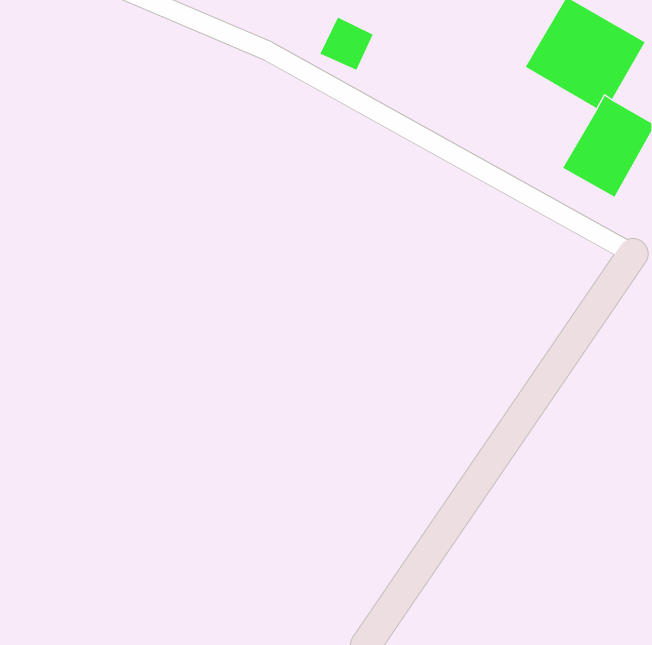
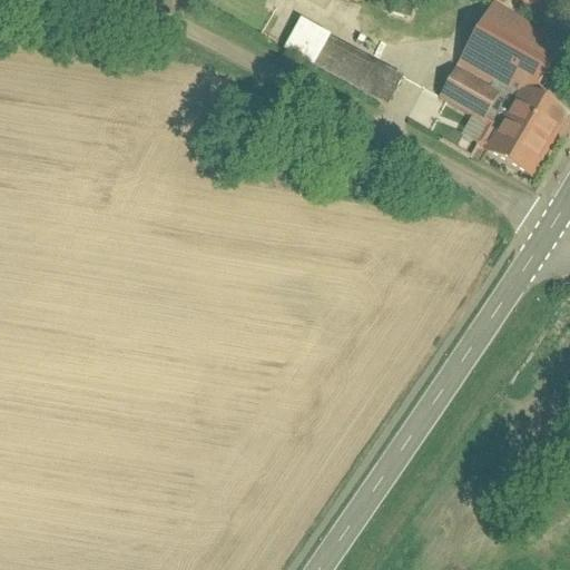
building: none -> [317,37,403,104]
building: none -> [442,65,502,118]

